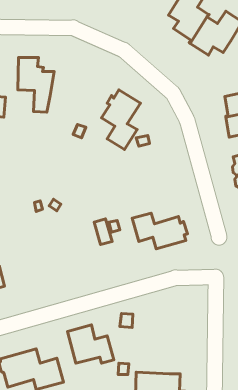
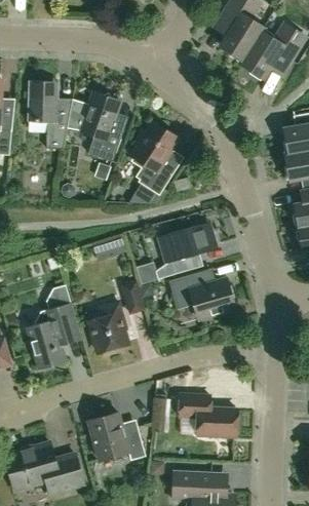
building: none -> [67,91,123,161]
building: none -> [155,225,217,279]
building: none -> [26,284,81,369]
building: none -> [89,303,127,352]
building: none -> [180,394,237,435]

